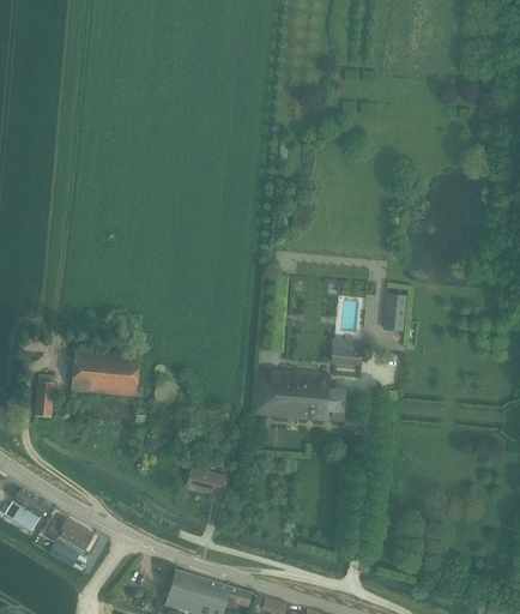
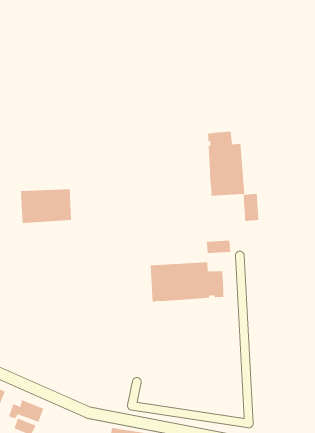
building: none -> [207,131,245,197]
building: [71,348,139,395] -> [20,189,72,223]
building: [186,466,225,502] -> none

